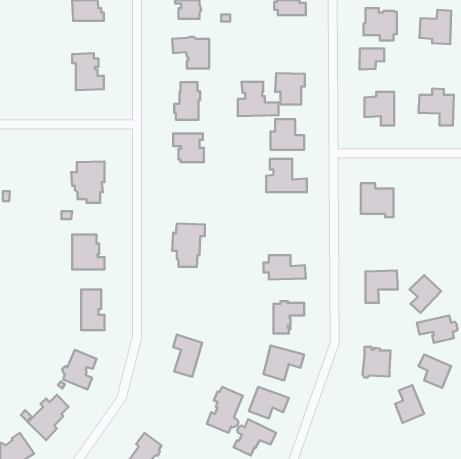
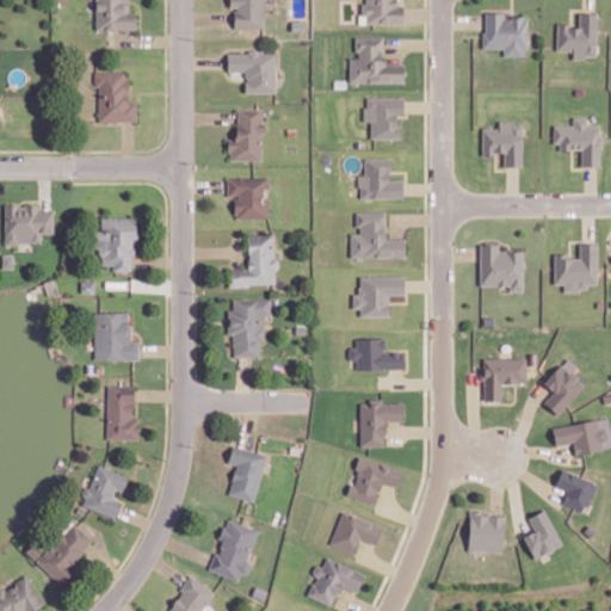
building: [360,48,384,69] -> none
building: [238,82,278,116] -> [351,37,405,82]
building: none -> [6,205,54,245]
building: none -> [230,234,279,288]
building: none -> [553,245,597,291]
building: none -> [352,278,405,319]
building: [363,347,391,377] -> [465,512,502,553]
building: [207,387,243,433] -> [210,520,258,581]

